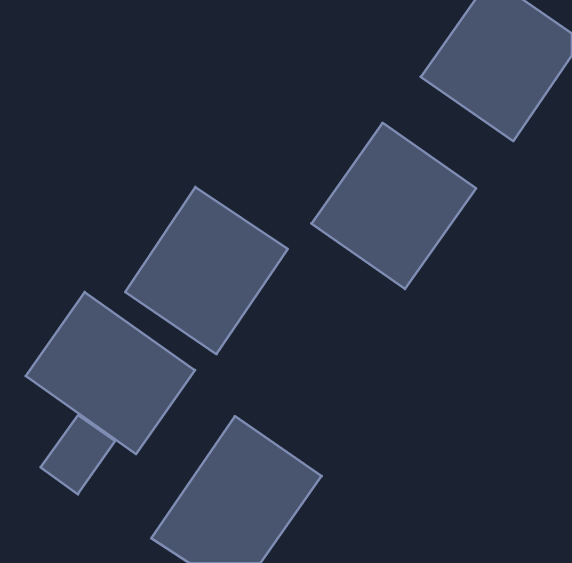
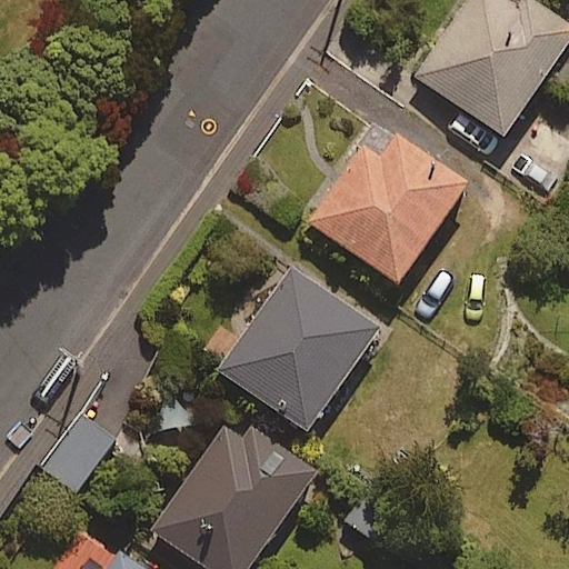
building: [125,187,288,354] -> [219,268,379,432]
building: [26,292,195,454] -> none

